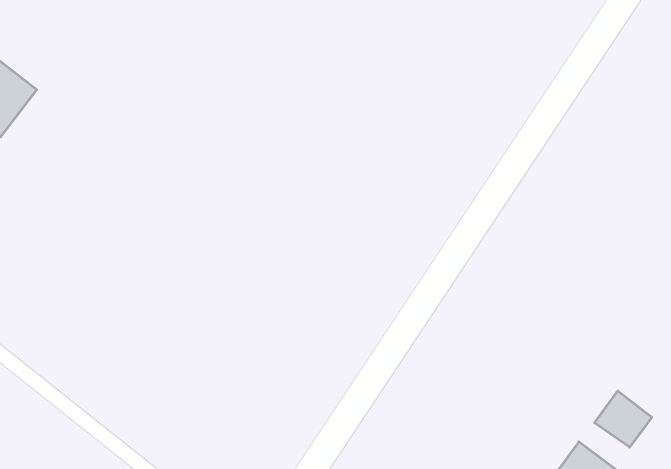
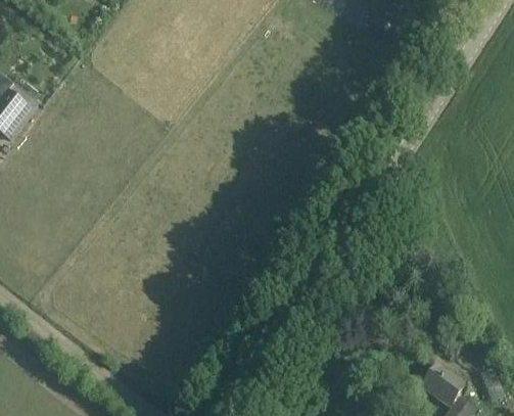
building: [595,391,652,447] -> none

